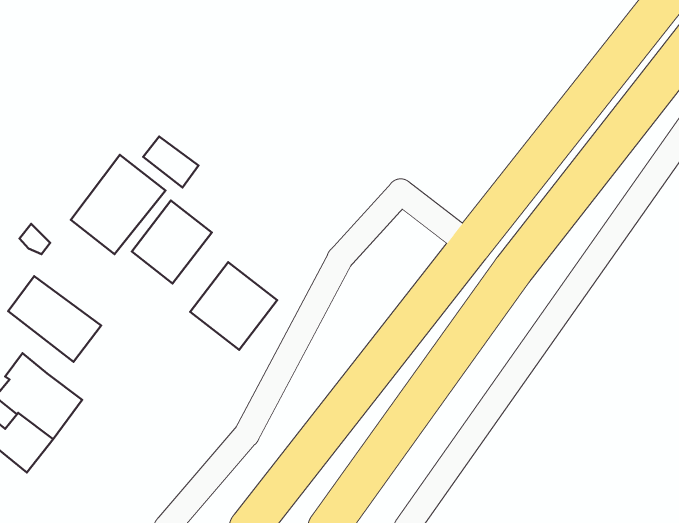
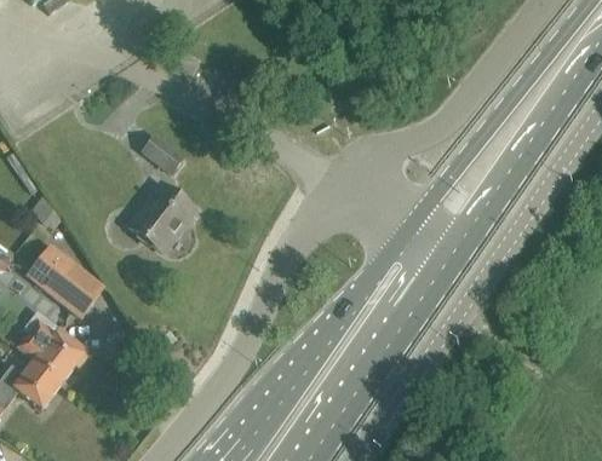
building: [71,155,166,254] -> none
building: [190,262,277,350] -> none

